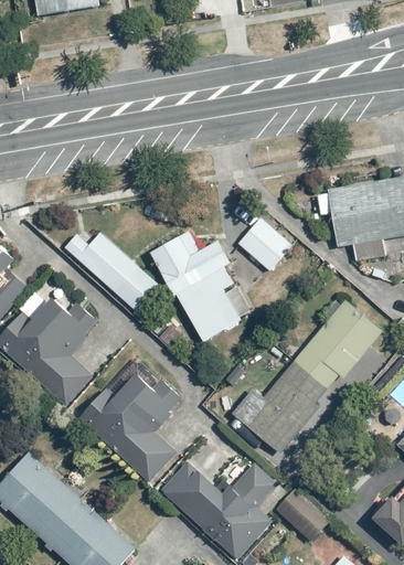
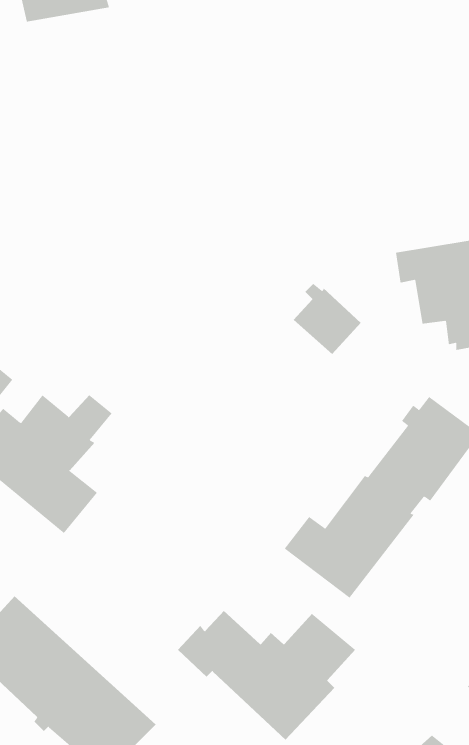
building: [149,230,238,339] -> none
building: [65,232,161,313] -> none
building: [79,375,182,480] -> none
building: [276,488,326,540] -> none

